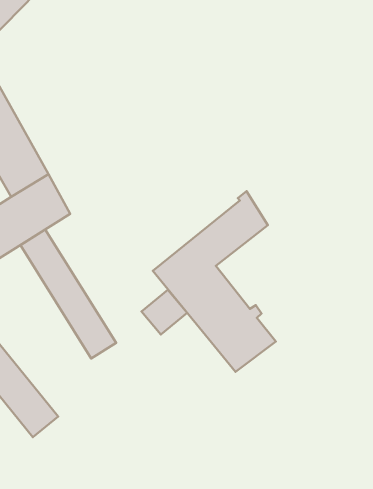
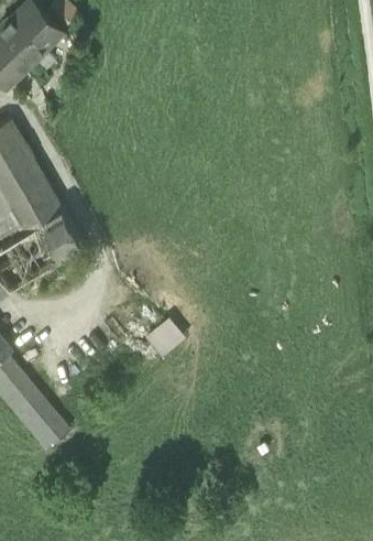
building: [153,191,276,372] -> none
building: [20,230,116,359] -> none

